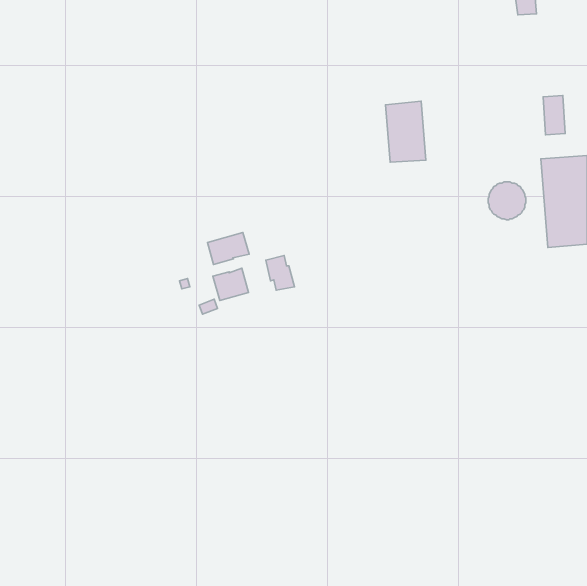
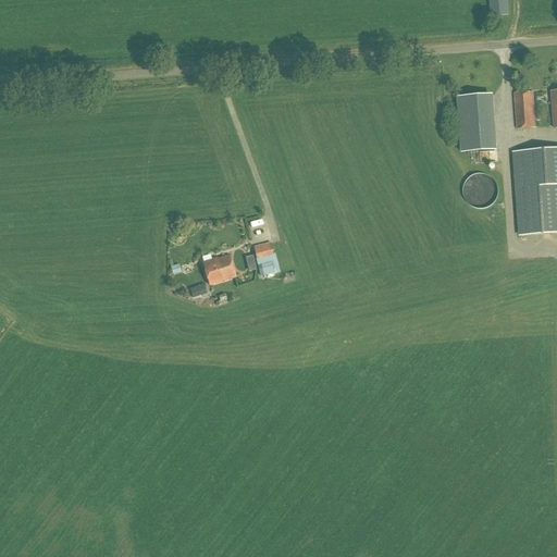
building: [385,101,426,162] -> [458,87,496,145]
building: [207,232,249,265] -> none

